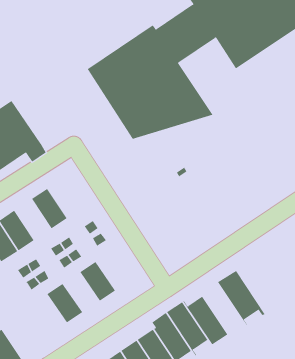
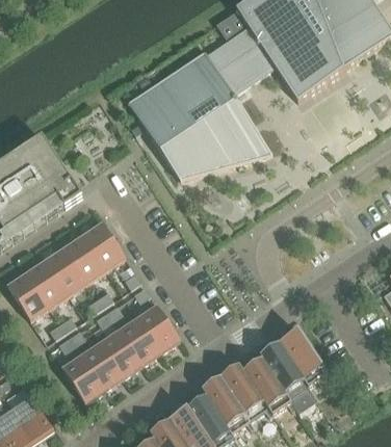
building: none -> [83,222,126,269]
building: none -> [46,247,87,294]
building: none -> [138,305,180,351]
building: none -> [101,331,142,376]
building: none -> [260,342,310,407]
building: none -> [62,356,105,402]

